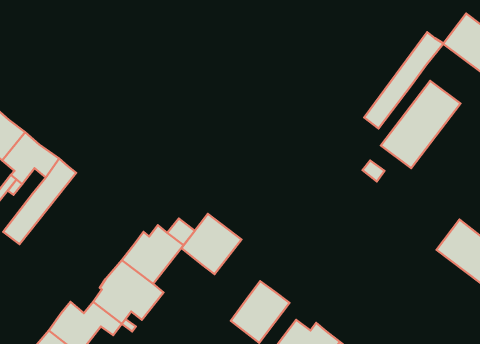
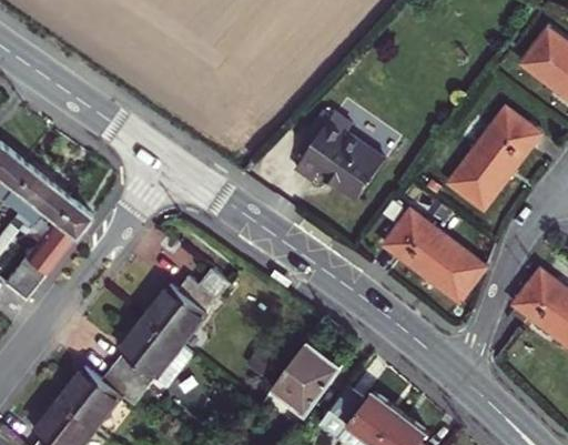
building: [364,32,443,129] -> none
building: none -> [294,113,384,200]
building: none -> [383,210,485,303]
building: [182,214,241,274] -> none

